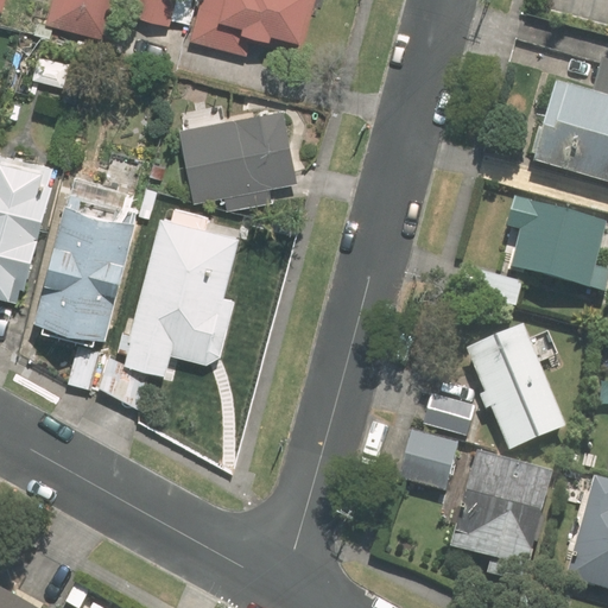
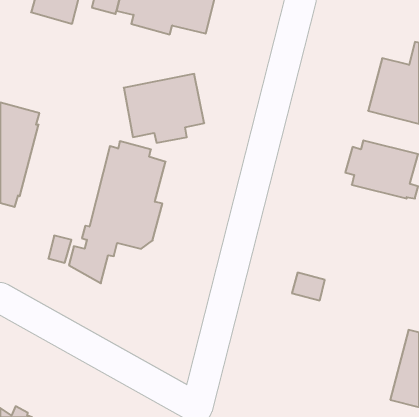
building: [34,188,134,334] -> none
building: [468,327,565,449] -> none
building: [399,429,458,488] -> none
building: [454,454,552,583] -> none

